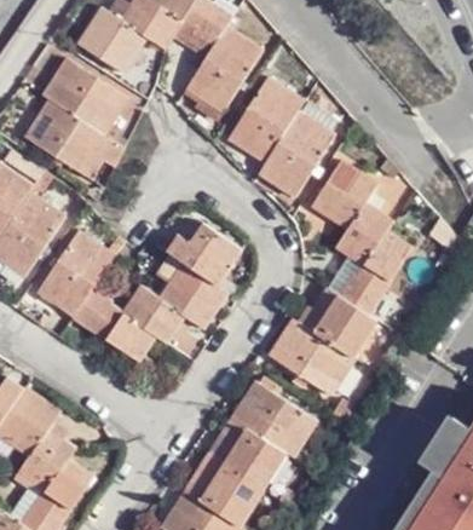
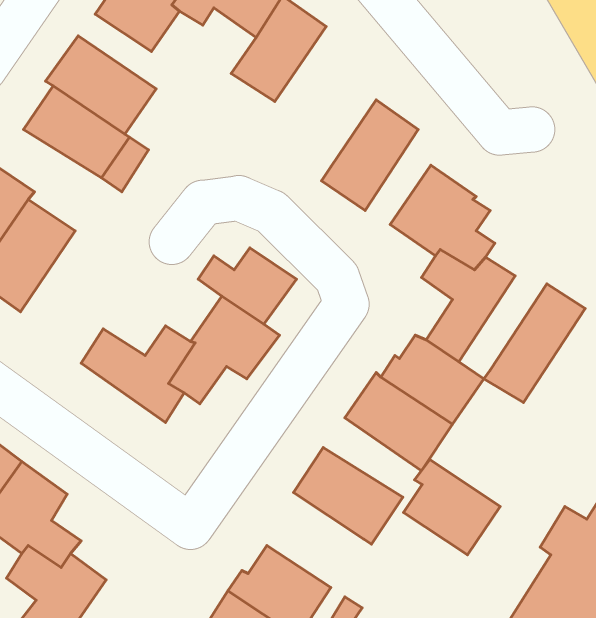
building: [227,76,305,161] -> none
building: [35,230,110,313] -> none
building: none -> [484,284,585,402]
building: [214,414,289,488] -> [403,460,500,555]

